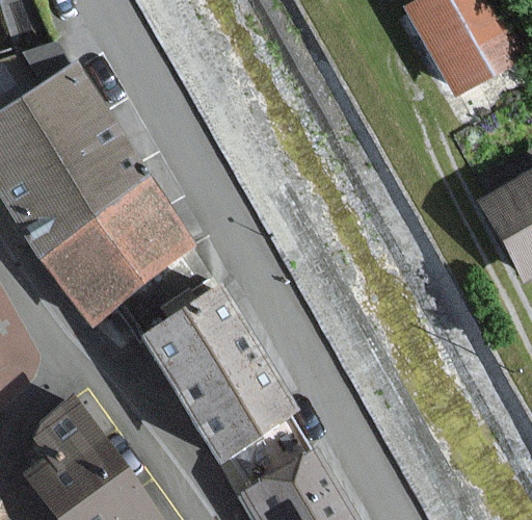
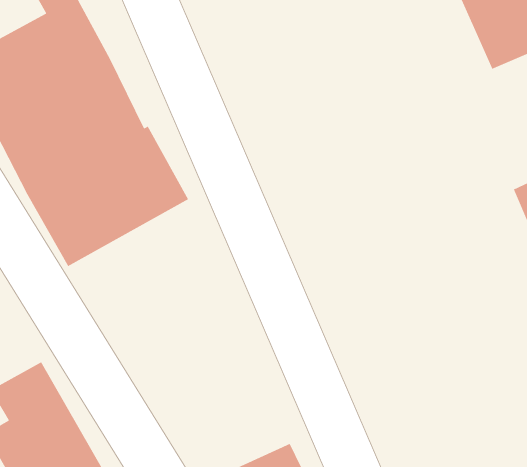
building: [143,281,291,454] -> none

